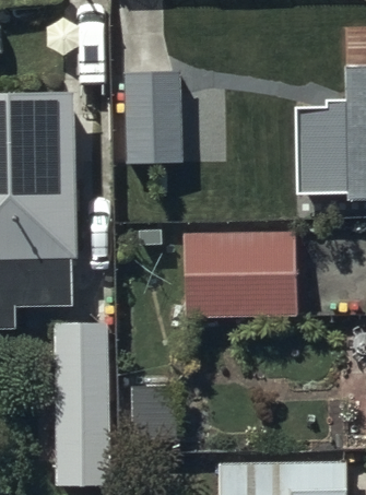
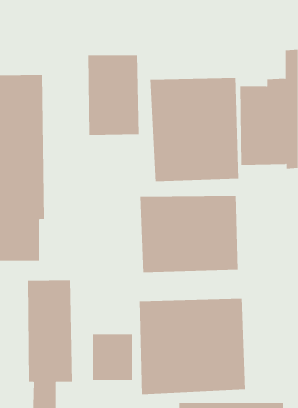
building: none -> [150,77,239,182]
building: none -> [139,298,245,395]

